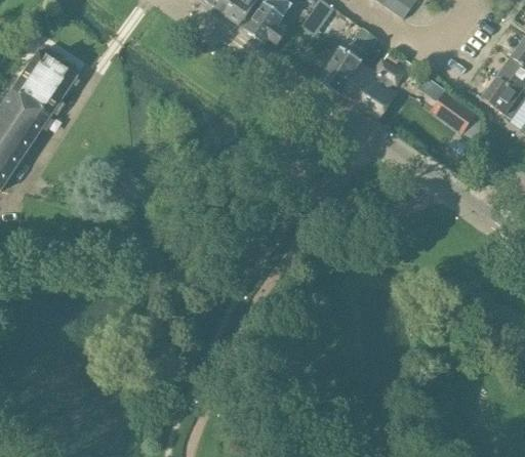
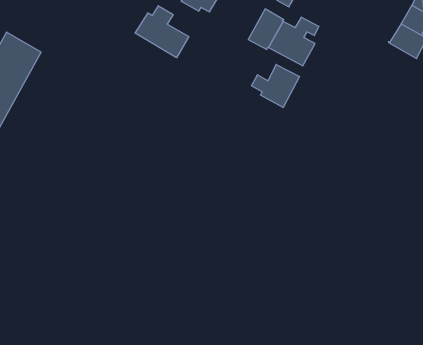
building: none -> [135,6,189,58]
building: [431,90,474,130] -> none
building: none -> [252,64,300,108]

